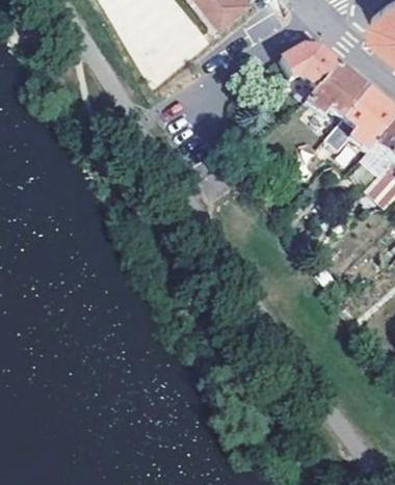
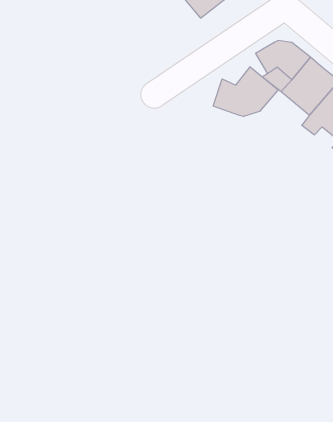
building: none -> [213,67,278,117]

